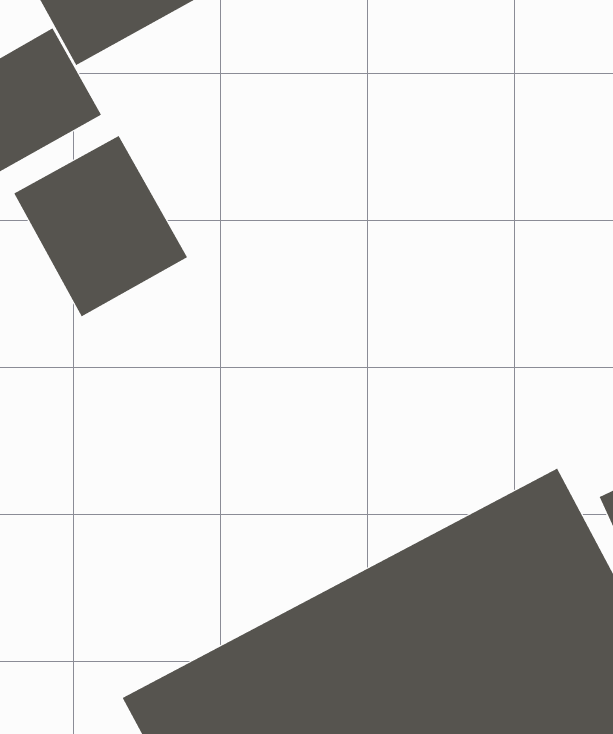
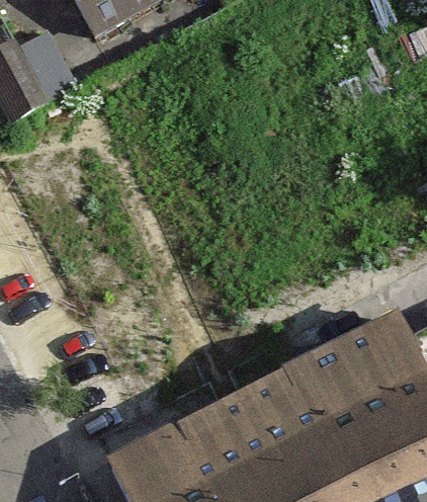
building: [13,135,188,317] -> none

